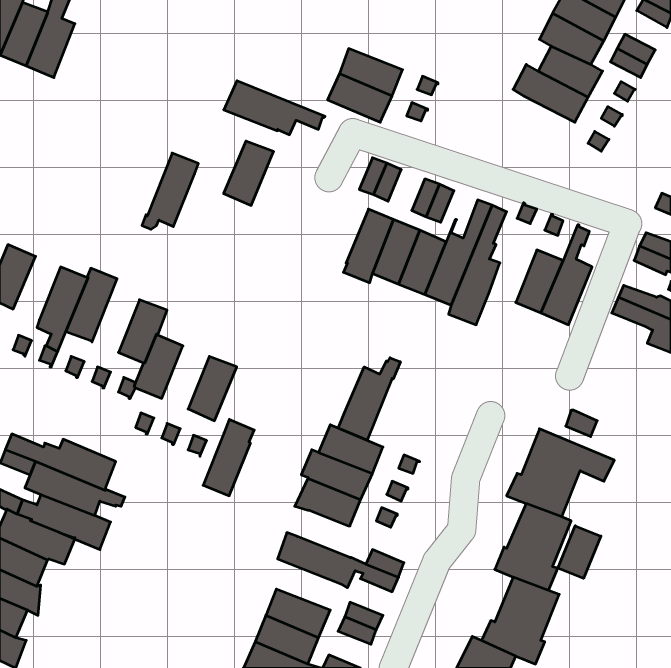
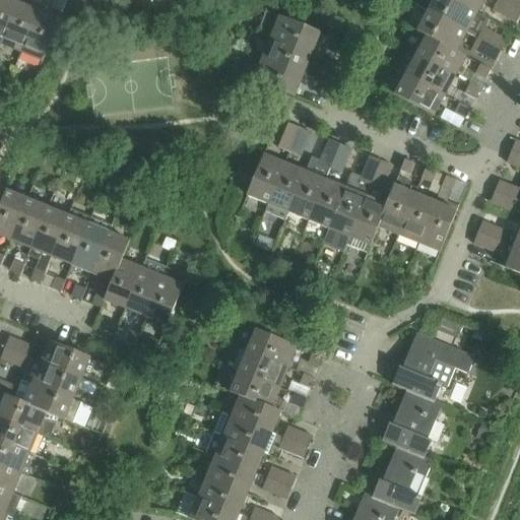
building: [224,81,325,135] -> [269,15,347,57]
building: none -> [394,74,444,115]
building: [224,141,274,205] -> [246,153,284,203]
building: [142,153,198,229] -> [67,215,111,274]
building: none -> [378,175,414,234]
building: none -> [10,198,47,247]
building: [338,358,400,440] -> none
building: [203,419,254,496] -> [125,257,165,316]
building: none -> [230,394,279,431]
building: [558,526,601,578] -> none
building: none -> [206,432,263,471]

